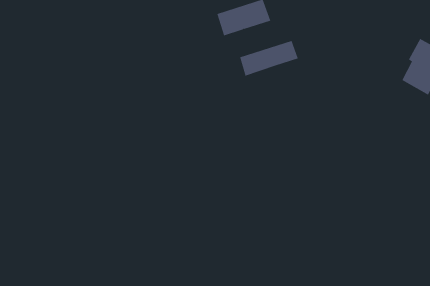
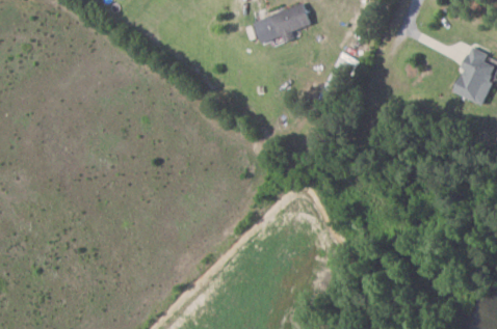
building: [239,40,299,76] -> none

